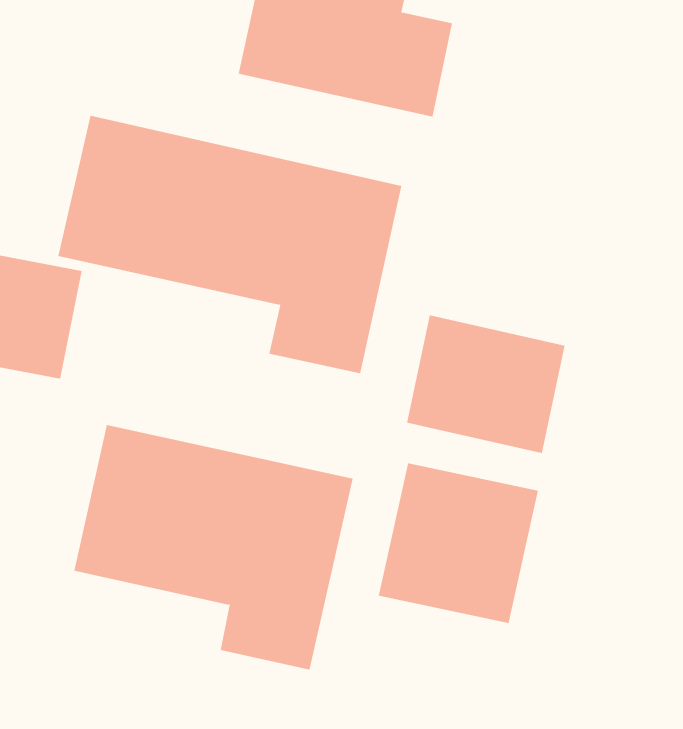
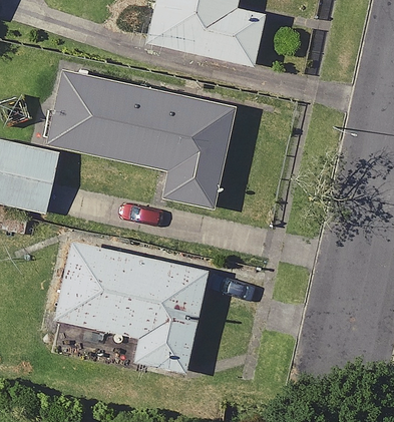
building: [406,315,565,454] -> none
building: [378,462,539,624] -> none

